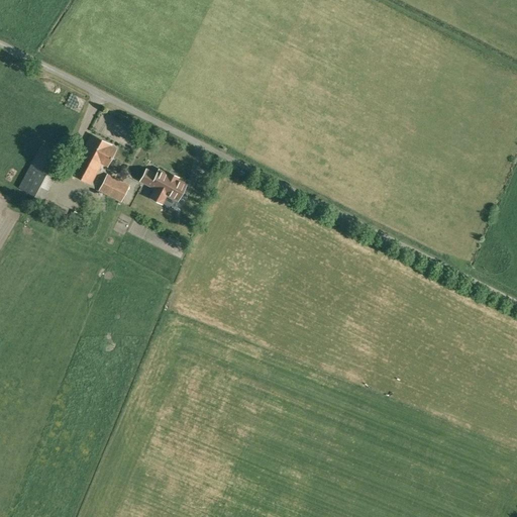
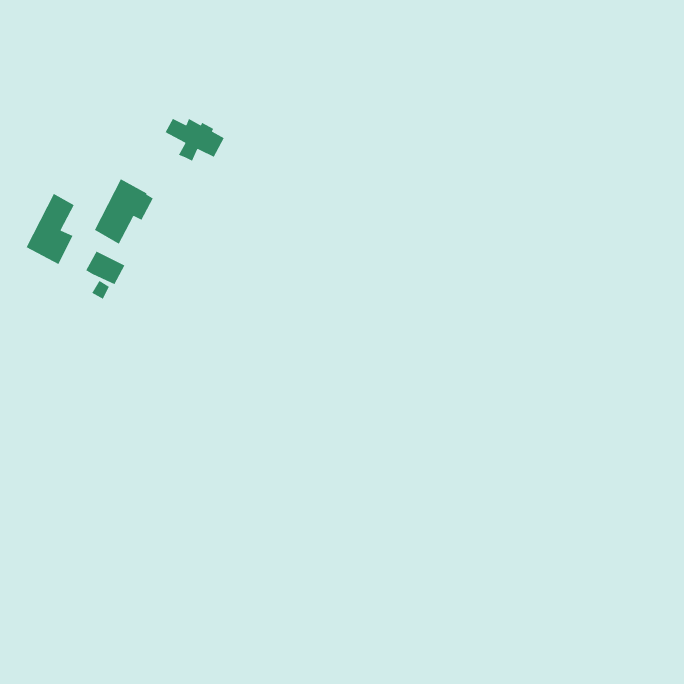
building: [140,170,186,203] -> [165,118,225,162]
building: [99,175,129,201] -> [85,250,125,285]

